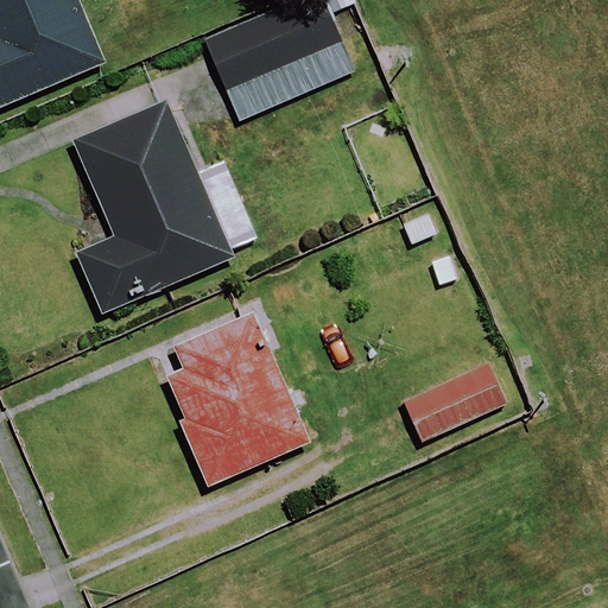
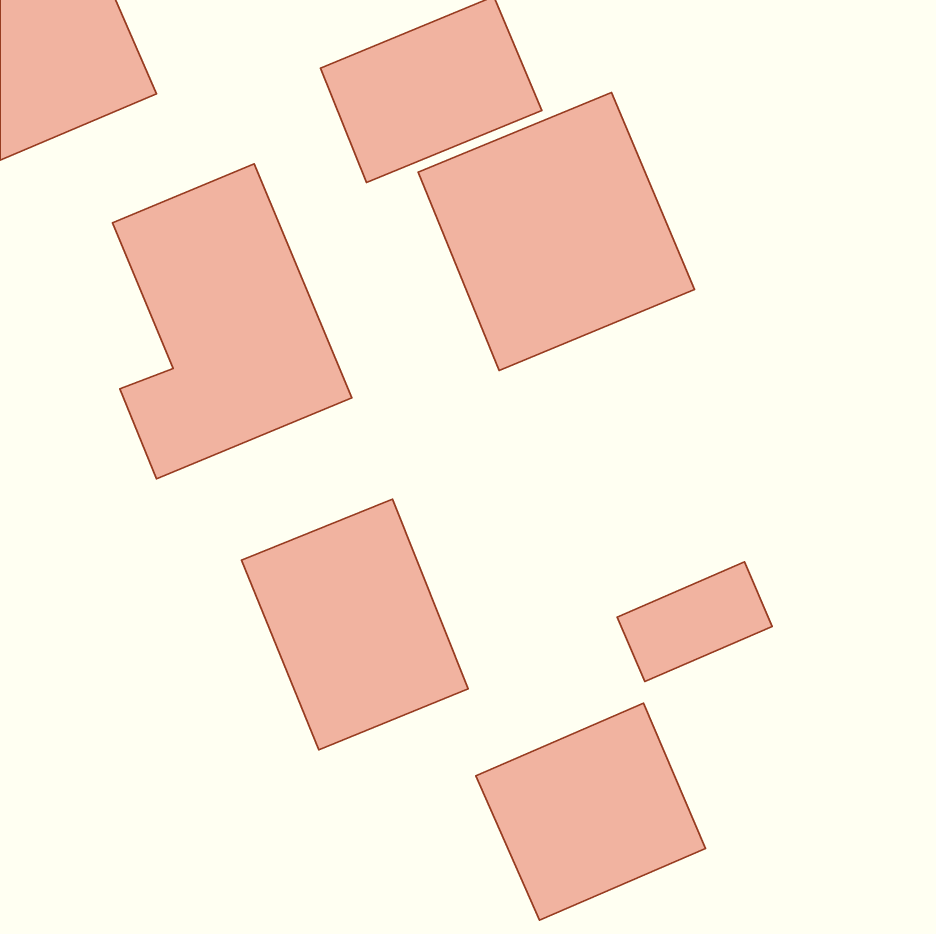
building: none -> [418,92,695,371]
building: none -> [476,703,706,920]

